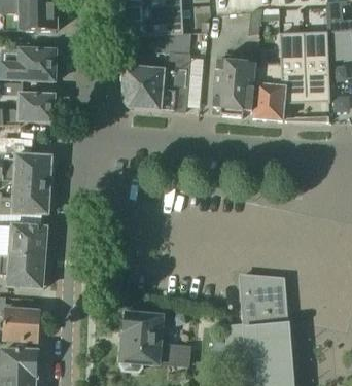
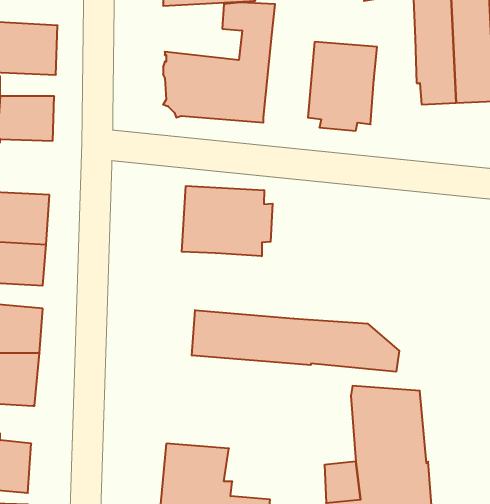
building: [252,59,284,120] -> none
building: none -> [182,186,273,256]
building: none -> [192,310,399,372]

